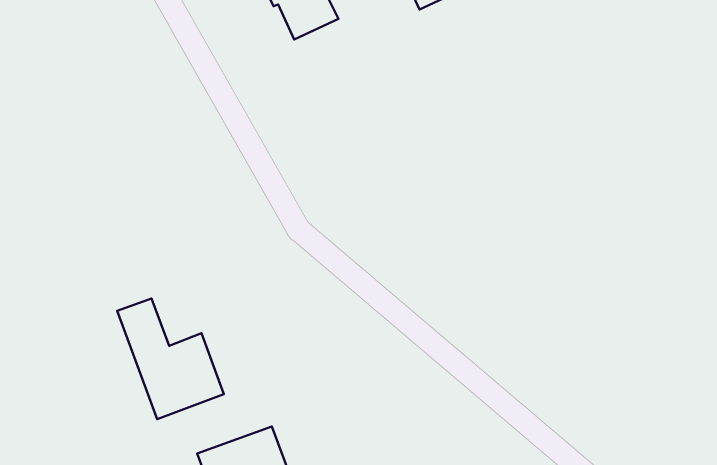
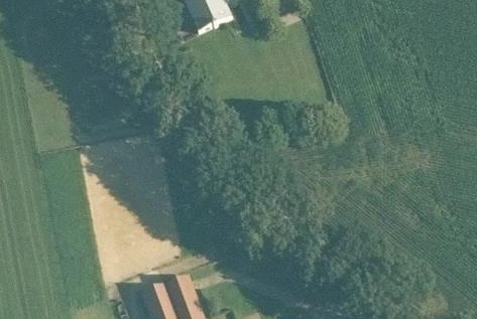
building: [117,298,224,419] -> none

